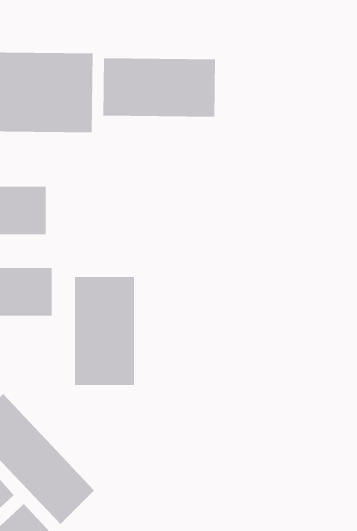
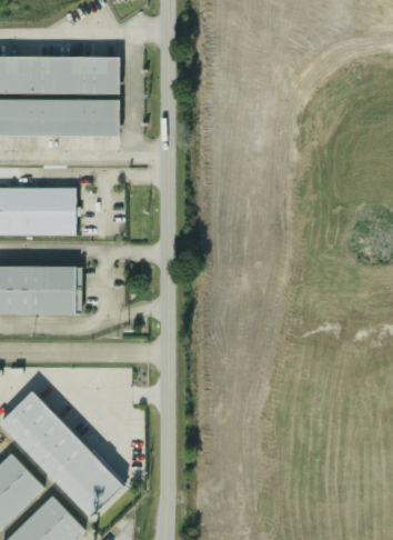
building: [103,58,216,118] -> none
building: [74,276,135,386] -> none

